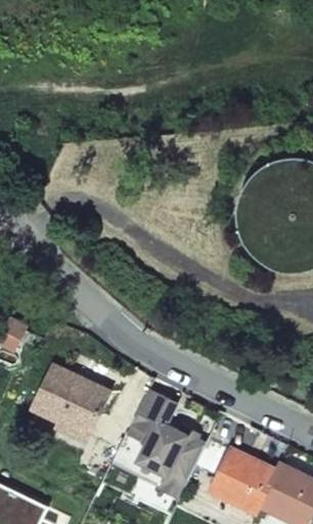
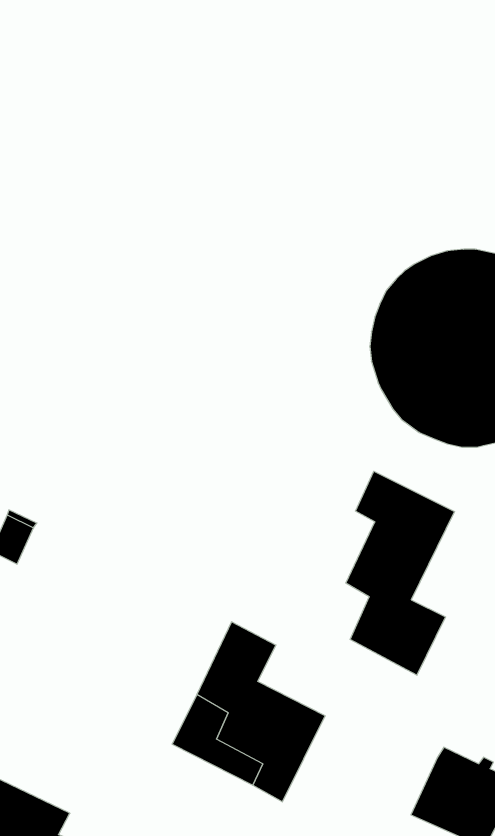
building: none -> [346,471,454,675]
building: [33,365,107,433] -> none
building: [210,449,275,513] -> none

